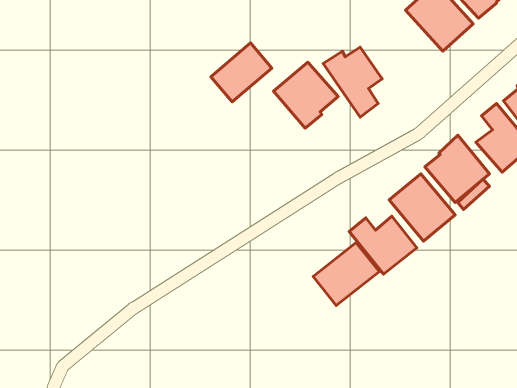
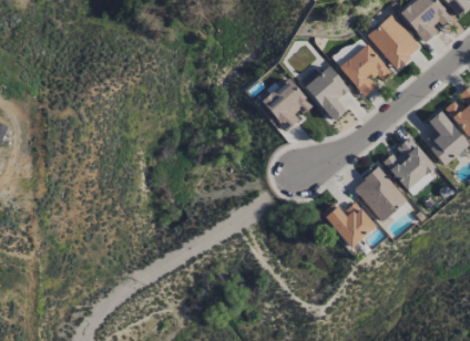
building: none -> [339,43,390,97]
building: [211,43,272,102] -> none
building: [313,242,379,306] -> none

